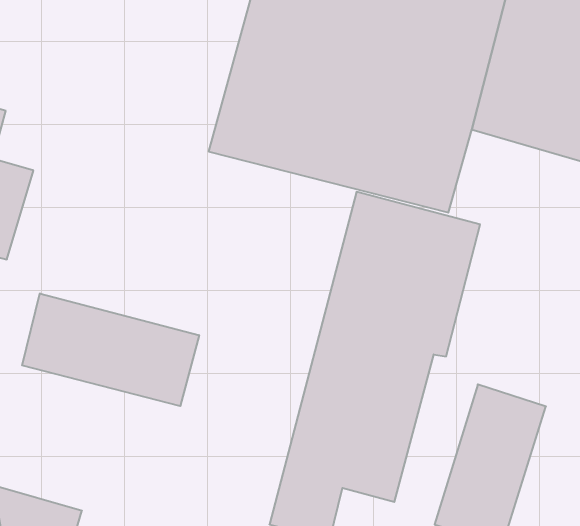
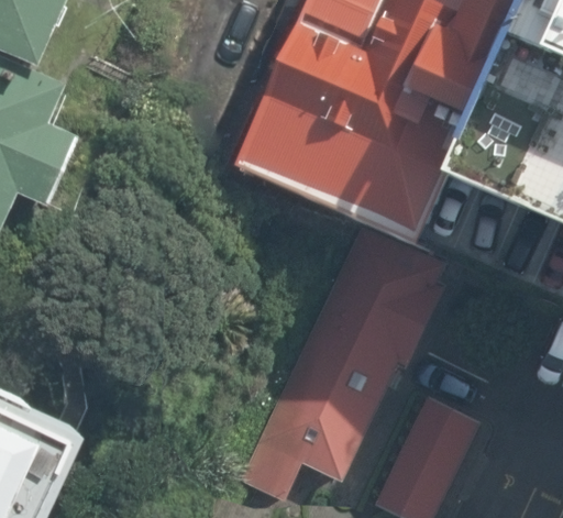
building: [22,293,199,406] -> none

